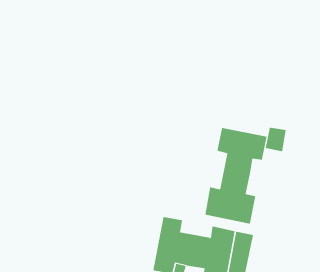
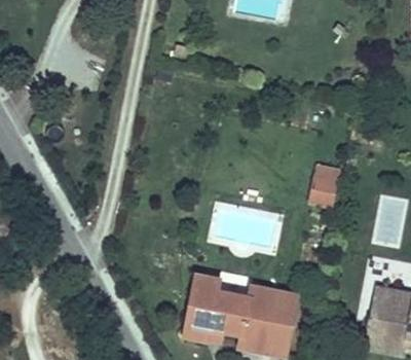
building: [205,127,267,224] -> none

